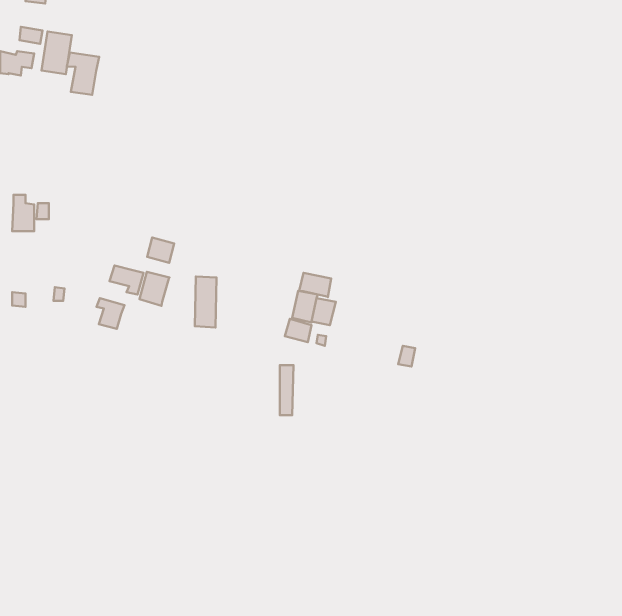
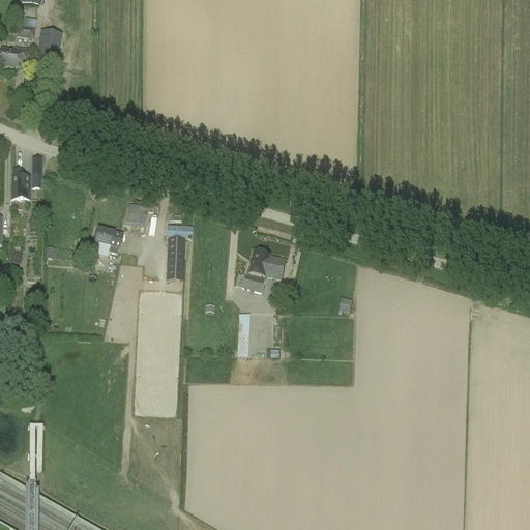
building: [67,52,99,95] -> none
building: [140,272,169,306] -> none
building: [299,273,331,297] -> none
building: [97,298,124,329] -> none

